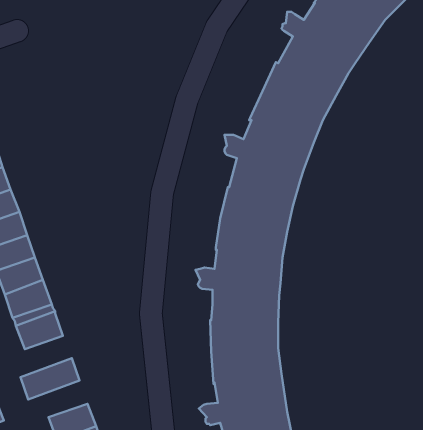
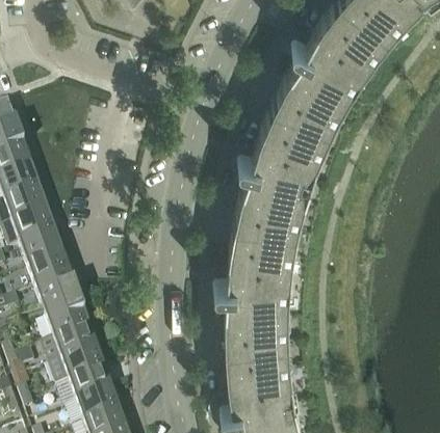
building: none -> [41,326,97,364]
building: none -> [56,368,111,402]

